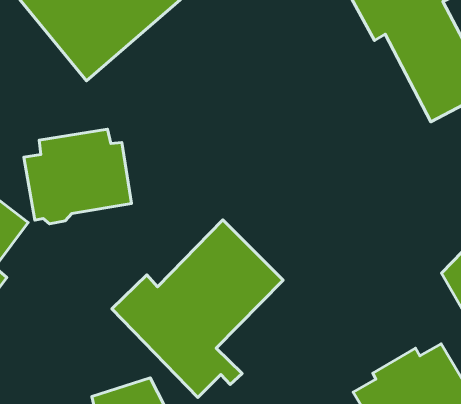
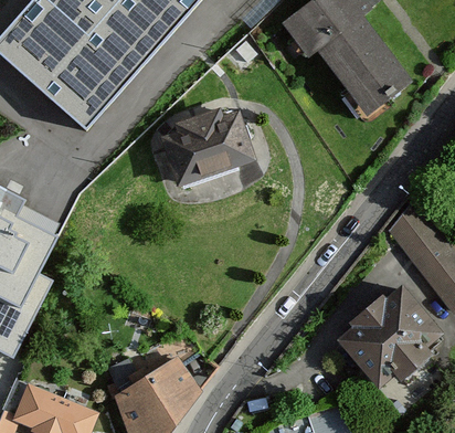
building: [24,129,132,224] -> [163,107,255,190]
building: [112,220,283,397] -> none

